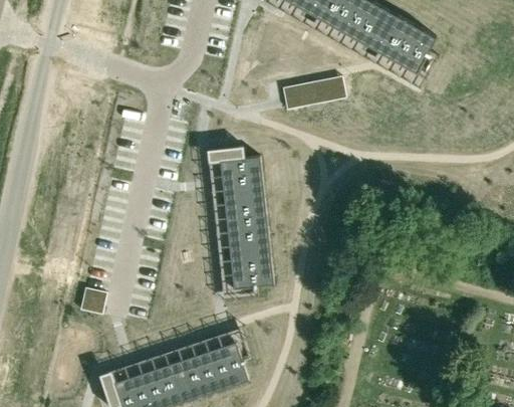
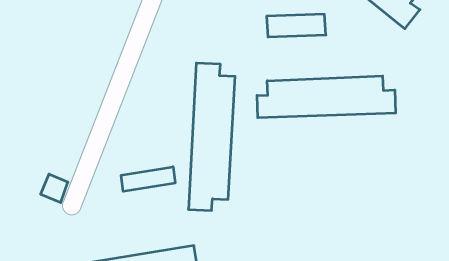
building: none -> [257,76,396,118]
building: none -> [121,167,175,191]

